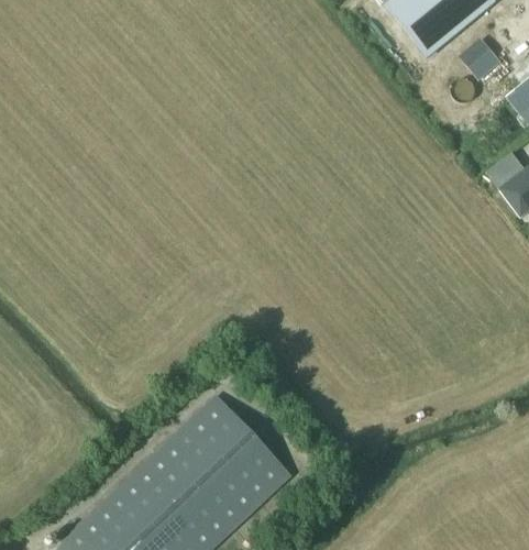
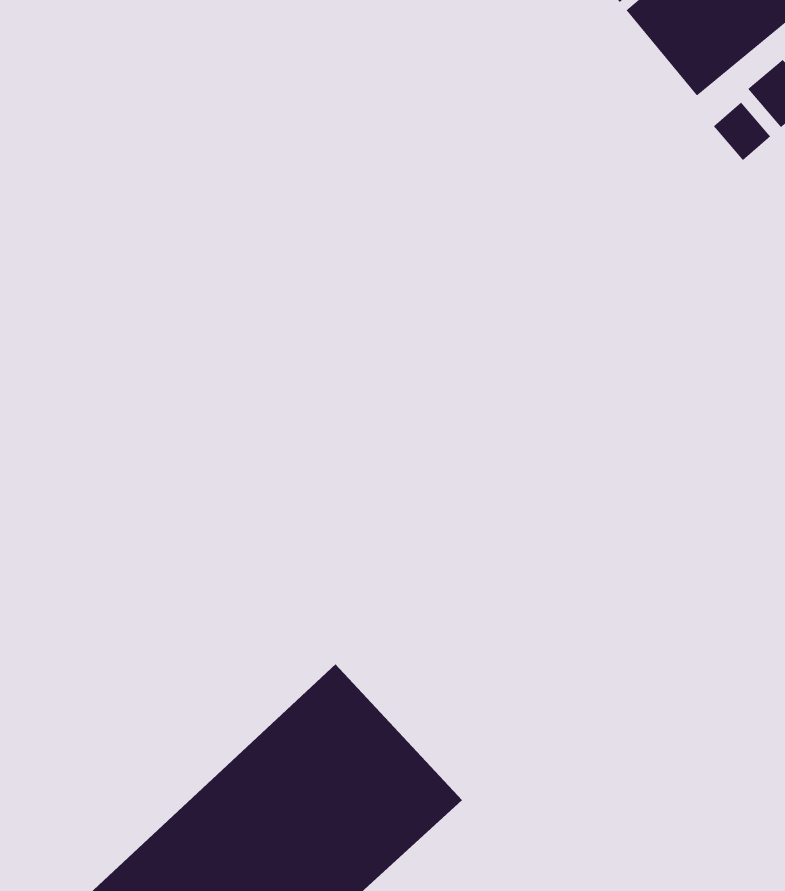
building: none -> [713,101,771,161]

